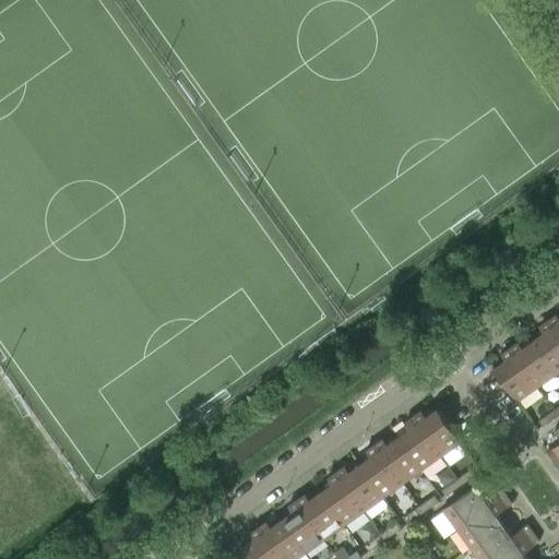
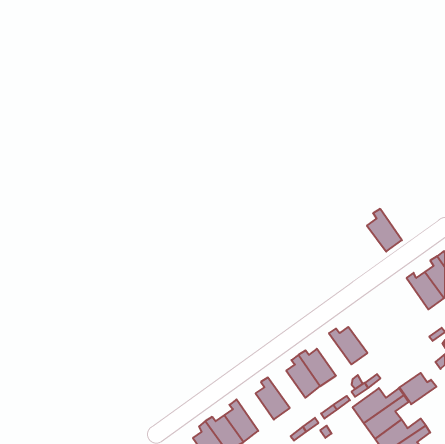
building: [492,350,536,404] -> [367,209,402,252]
building: [396,419,440,473] -> none
building: [335,466,382,513] -> none
building: none -> [399,373,436,404]
building: [296,495,343,542] -> none

